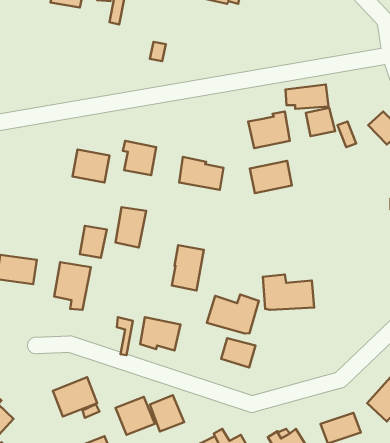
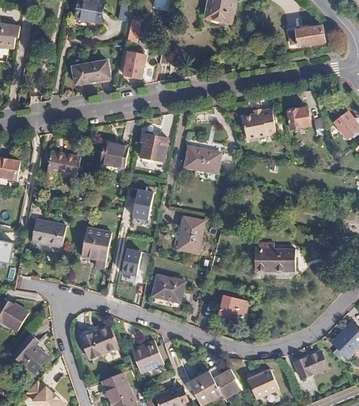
building: none -> [124,51,145,78]
building: none -> [80,60,108,82]
building: [285,84,328,109] -> [288,23,323,43]
building: [250,161,292,193] -> none
building: none -> [45,150,79,175]
building: [80,226,107,258] -> [120,248,142,274]
building: [207,294,259,334] -> none
building: [150,395,184,432] -> none

